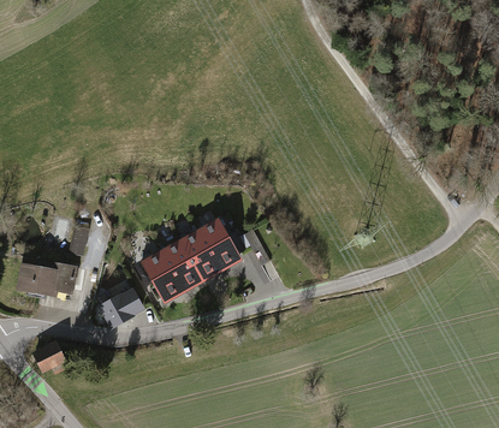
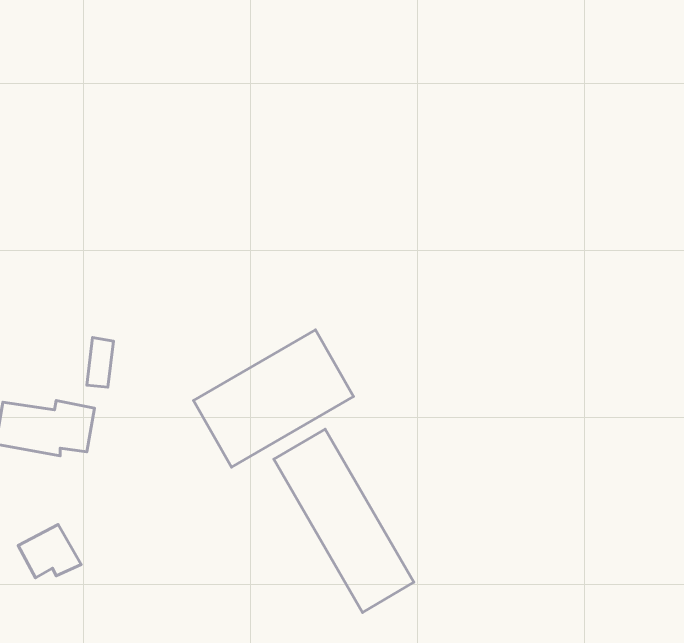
building: none -> [274,429,414,613]
building: [95,287,144,329] -> none

